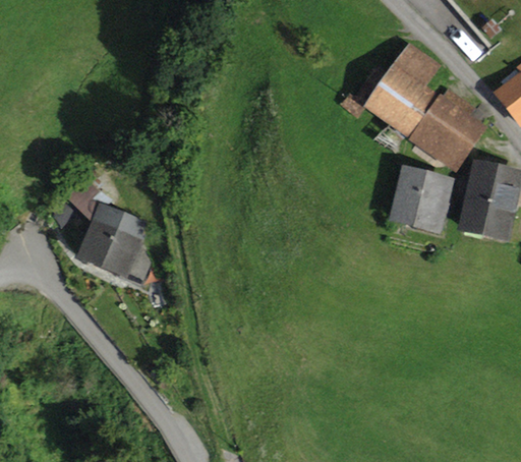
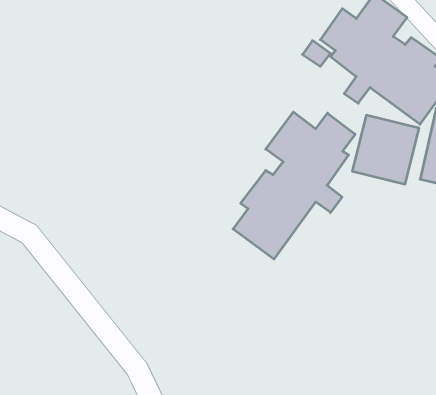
building: none -> [233,112,355,259]
building: [63,165,150,276] -> none

